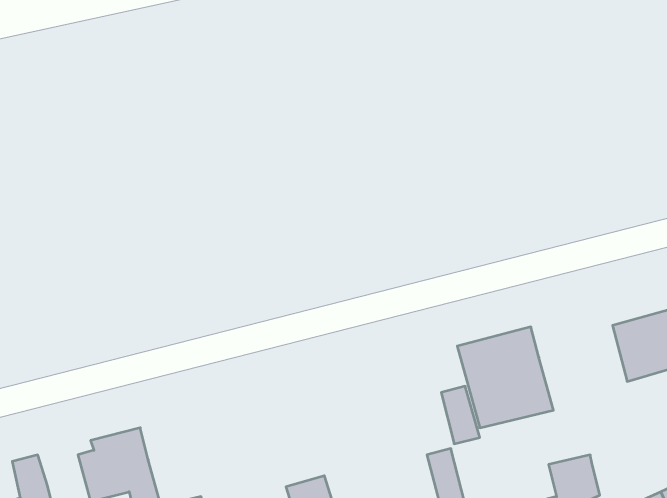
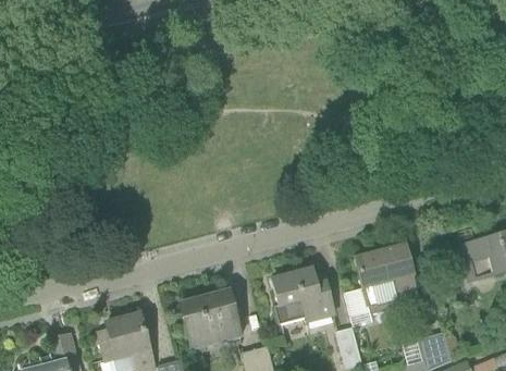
building: none -> [271,268,335,323]
building: none -> [180,289,240,350]

